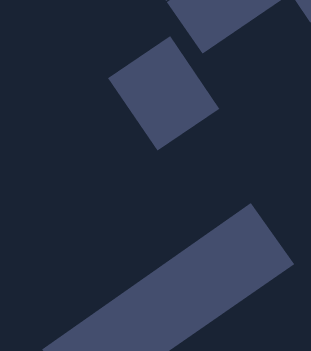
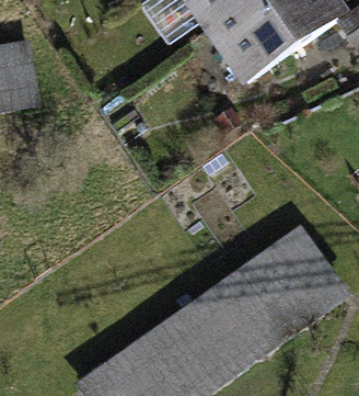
building: [107,35,220,152] -> none

